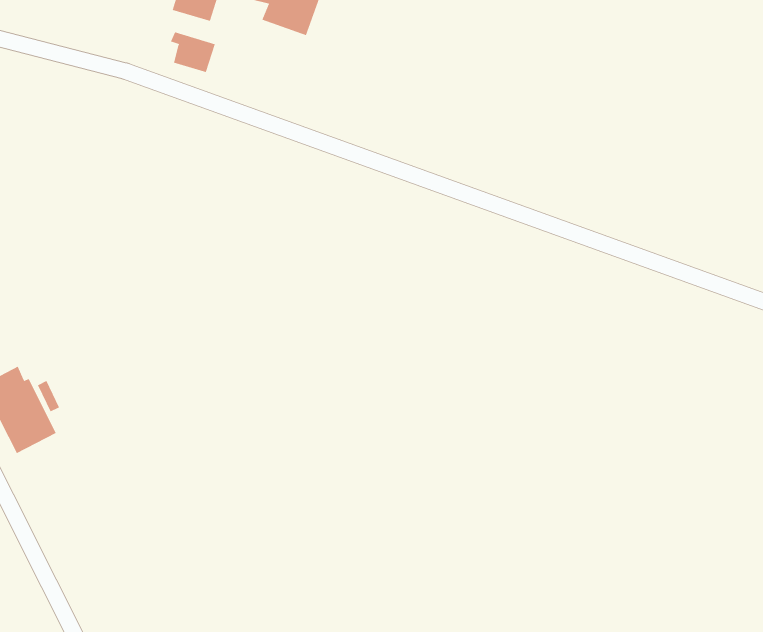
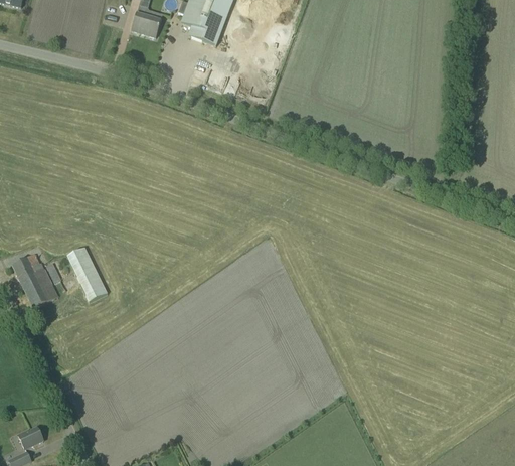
building: [170,32,215,73] -> none
building: none -> [66,247,107,301]

